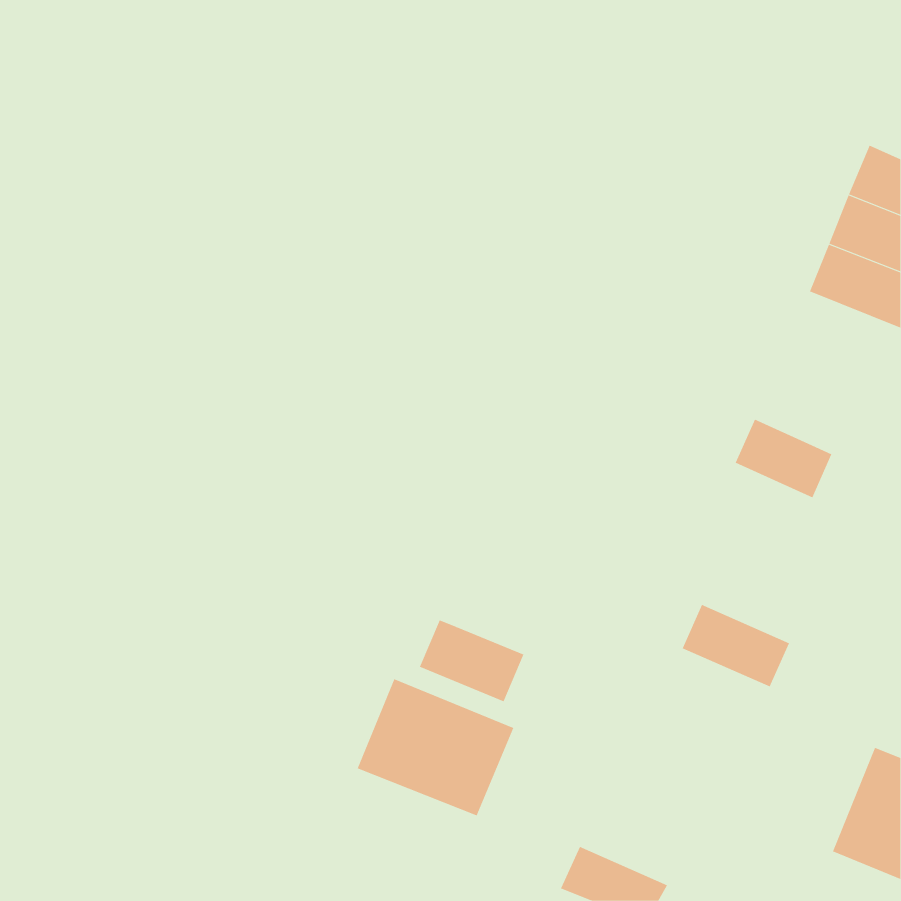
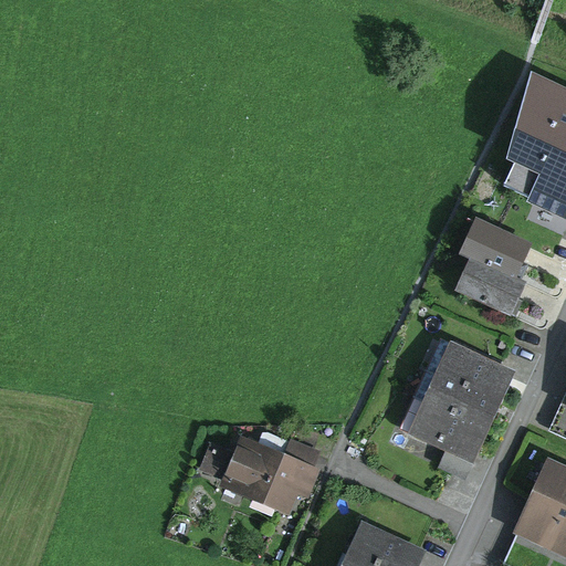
building: none -> [463,228,524,280]
building: none -> [439,350,506,402]
building: [419,619,524,702] -> none
building: none -> [415,406,482,457]

